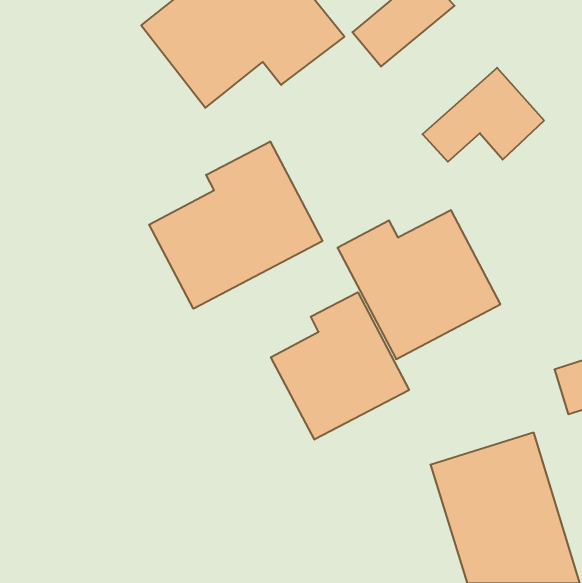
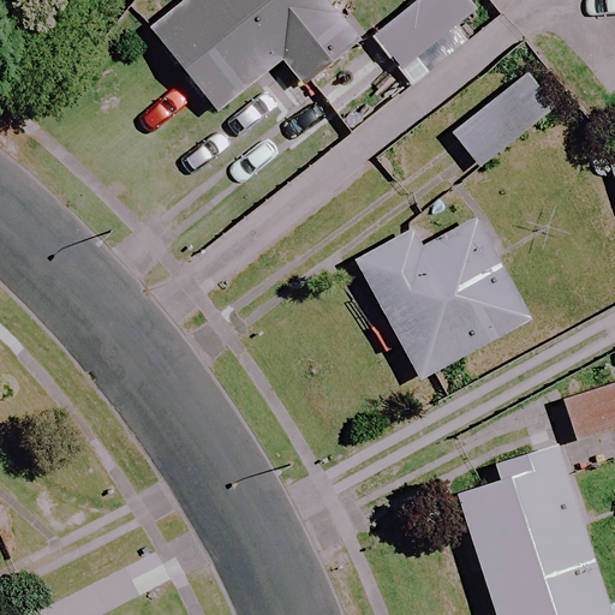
building: [149,141,322,309] -> none
building: [271,292,409,440] -> none

